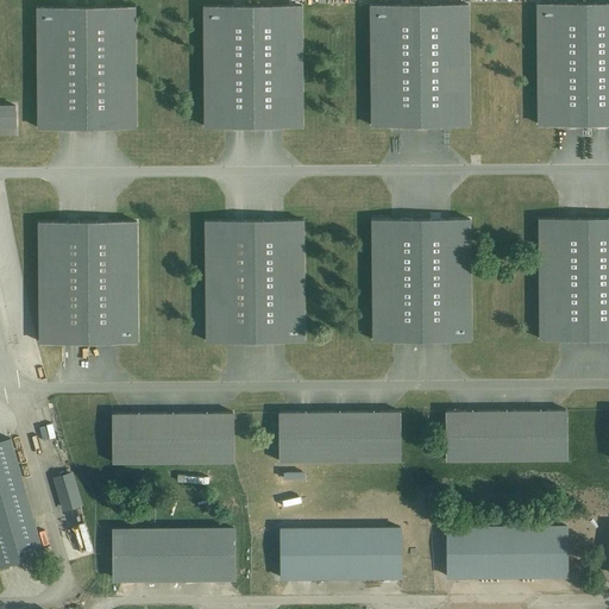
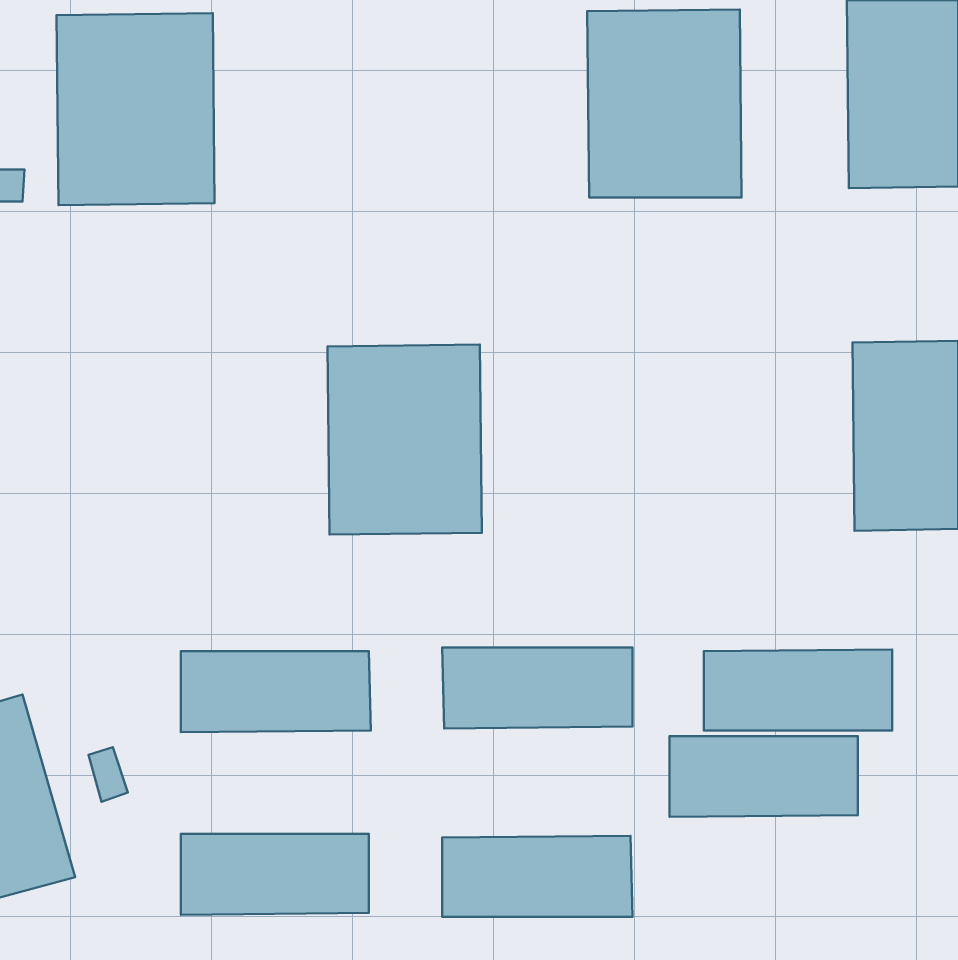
building: [205,10,302,128] -> none
building: [371,220,472,340] -> none
building: [39,224,137,344] -> none
building: [447,527,566,578] -> [670,736,858,817]

